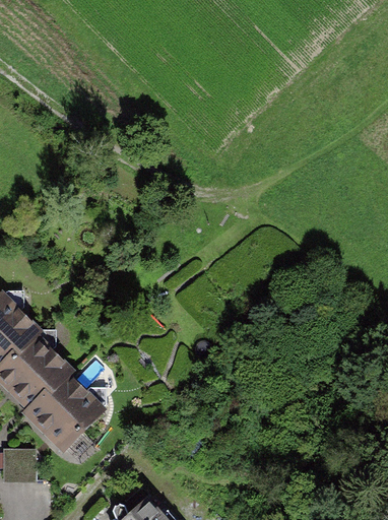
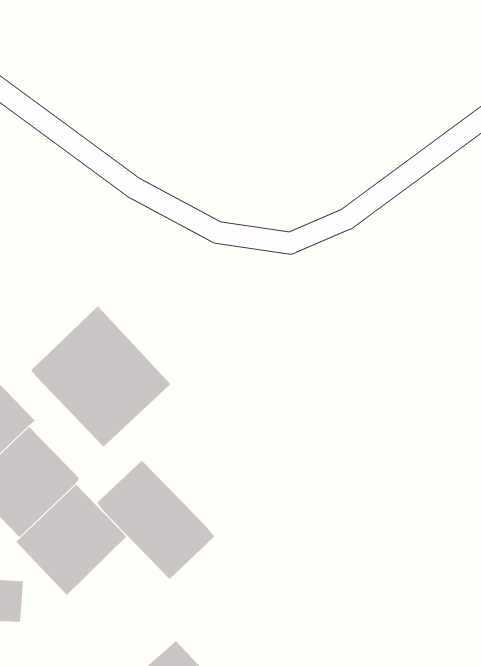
building: none -> [30,306,171,447]
building: none -> [96,460,215,580]

